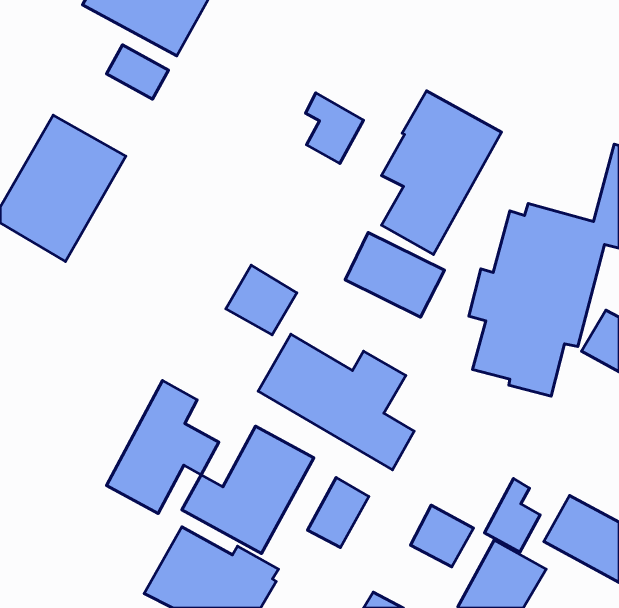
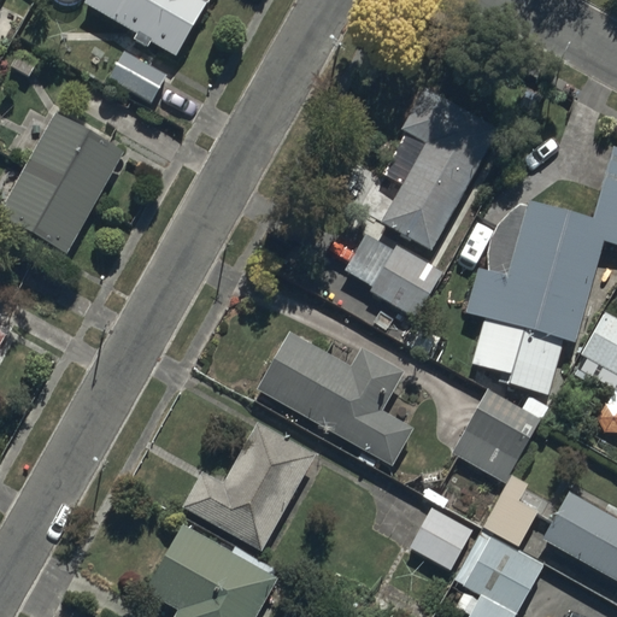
building: [306,93,364,163] -> none
building: [226,265,297,335] -> none
building: [107,380,219,513] -> none
building: none -> [451,387,548,480]
building: [307,478,369,547] -> none

